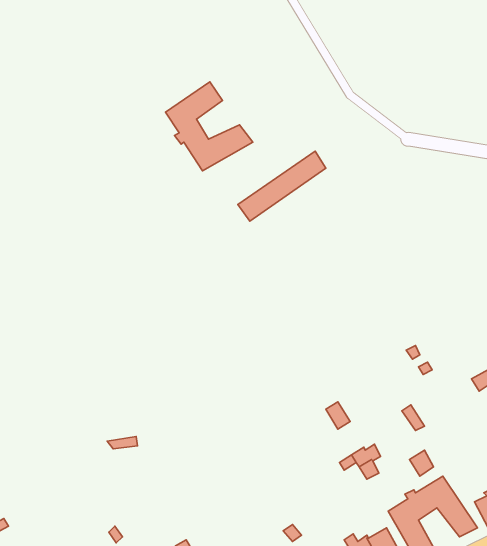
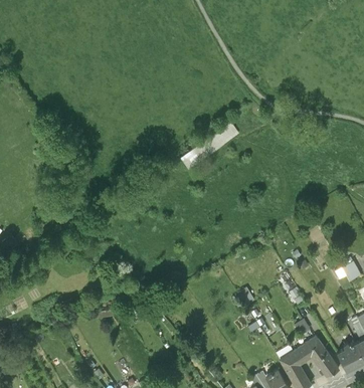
building: [166,82,253,171] -> none

